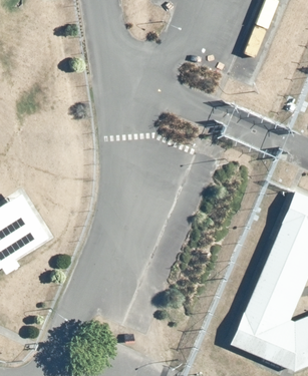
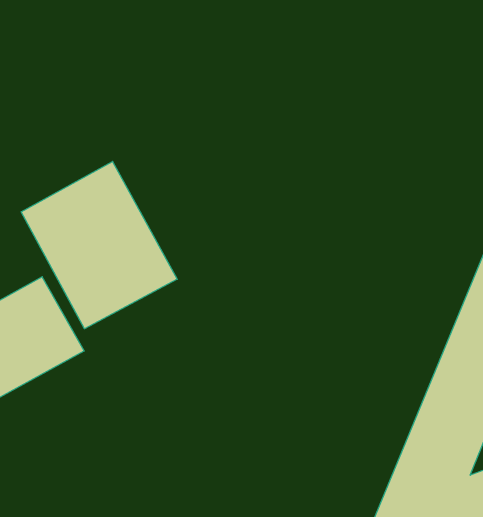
building: none -> [21,161,177,329]

